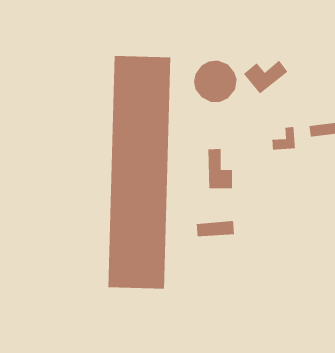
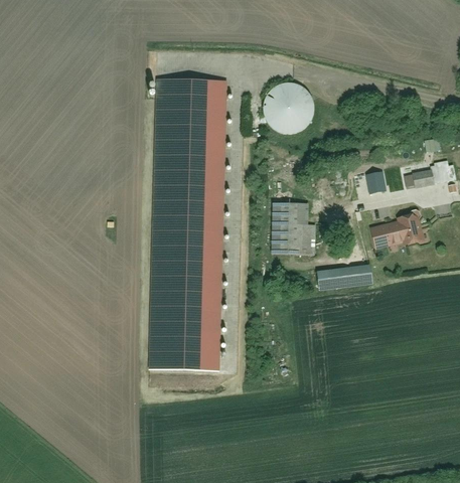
building: [243,60,288,95] -> none
building: none -> [364,206,419,245]
building: [196,220,235,237] -> [317,262,365,283]

